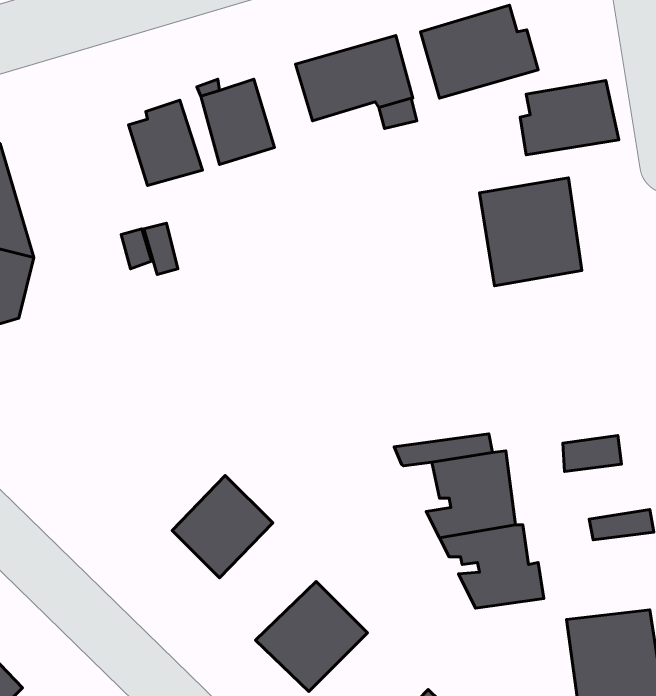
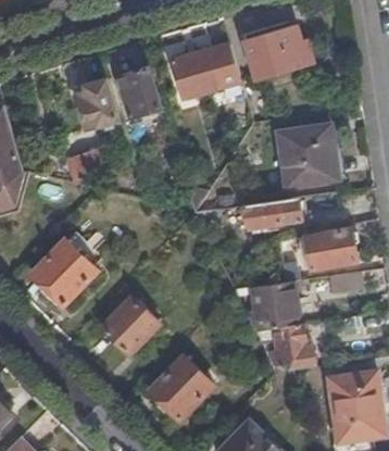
building: [520,80,619,155] -> none
building: none -> [243,198,303,228]
building: none -> [308,228,357,270]
building: none -> [32,240,97,305]

